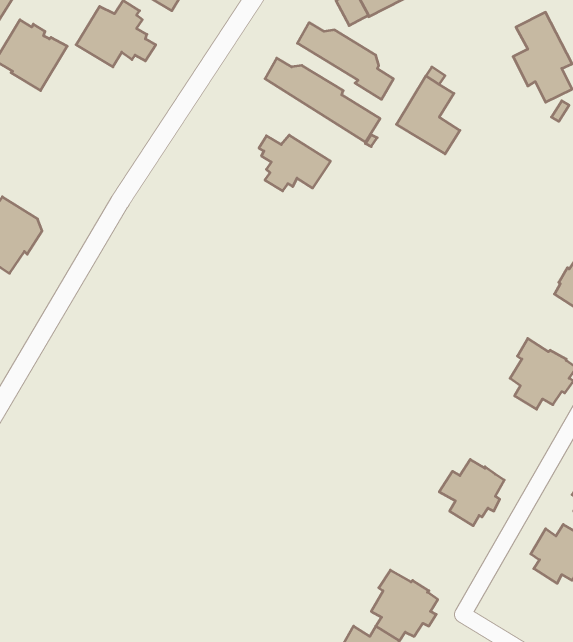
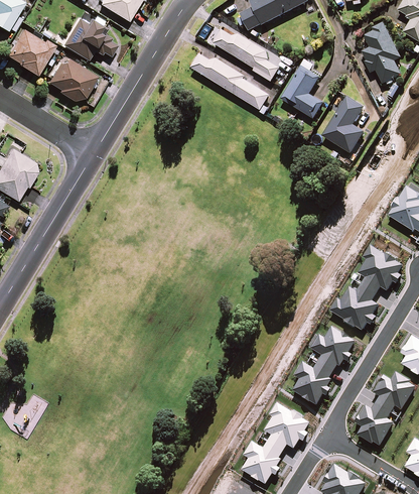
building: none -> [48,55,98,100]
building: none -> [322,96,365,153]
building: [259,135,330,191] -> none
building: none -> [330,284,379,331]
building: none -> [292,363,333,405]
building: none -> [354,402,393,446]

